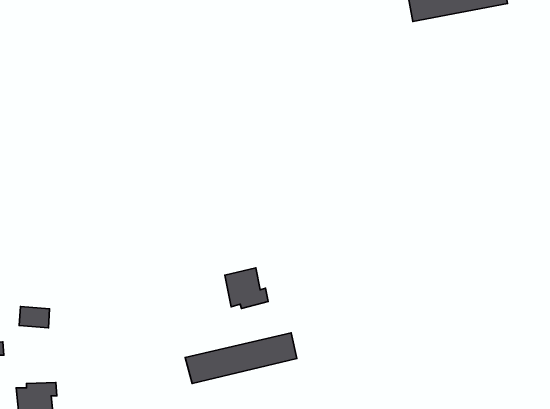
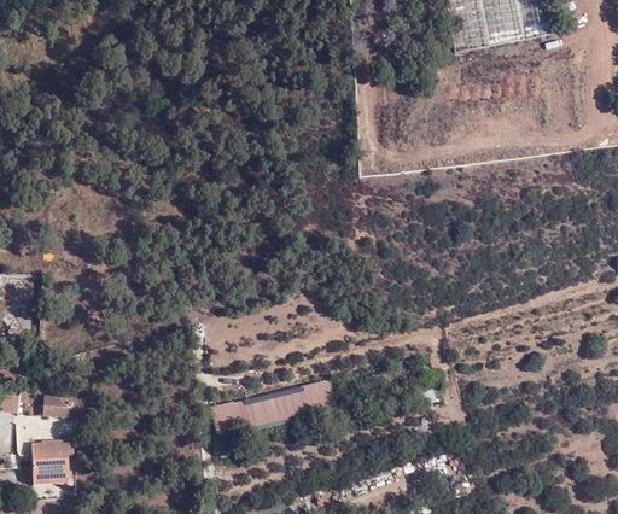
building: [225,268,268,308] -> none
building: [19,306,50,328] -> [45,392,77,415]

